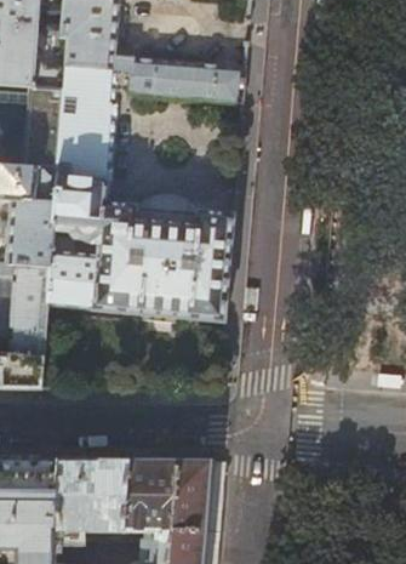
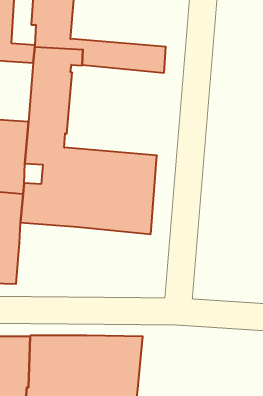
building: [23,85,63,167] -> none

